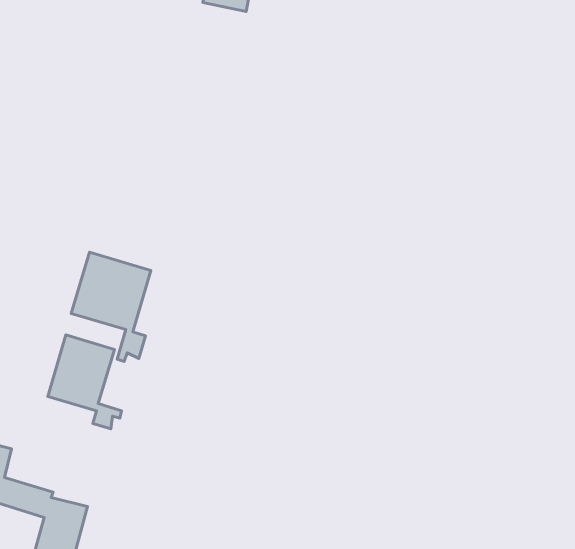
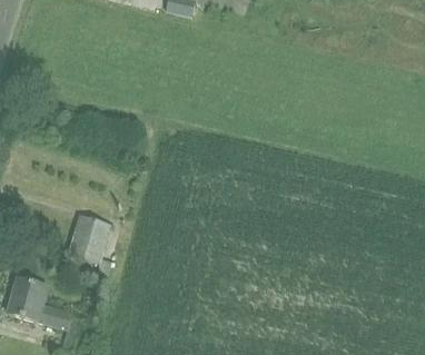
building: [71,252,151,362] -> none

